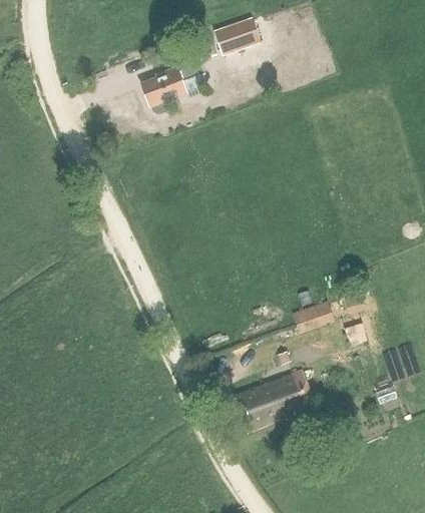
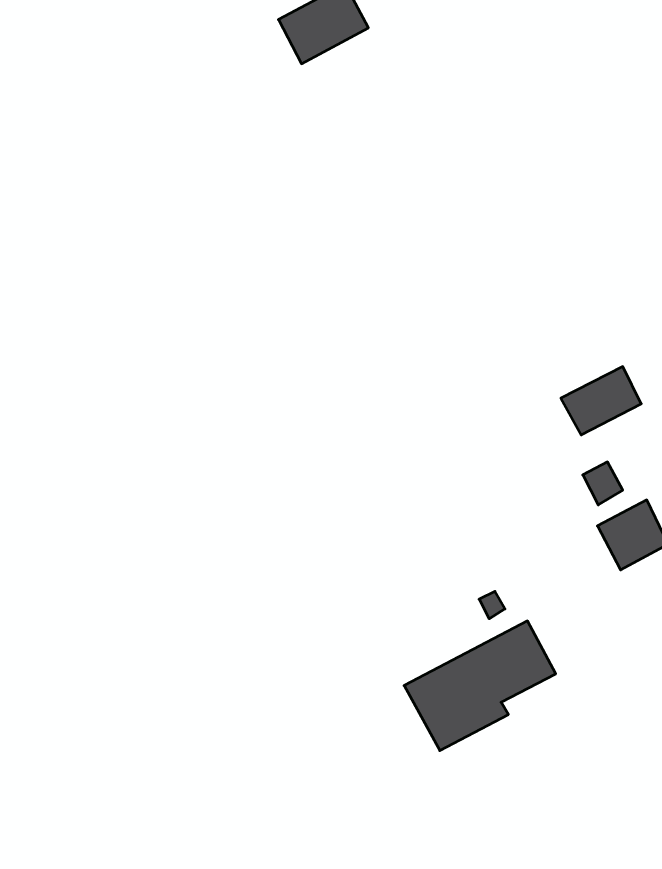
building: [141,53,203,110] -> none
building: [293,299,335,332] -> [561,367,641,435]

